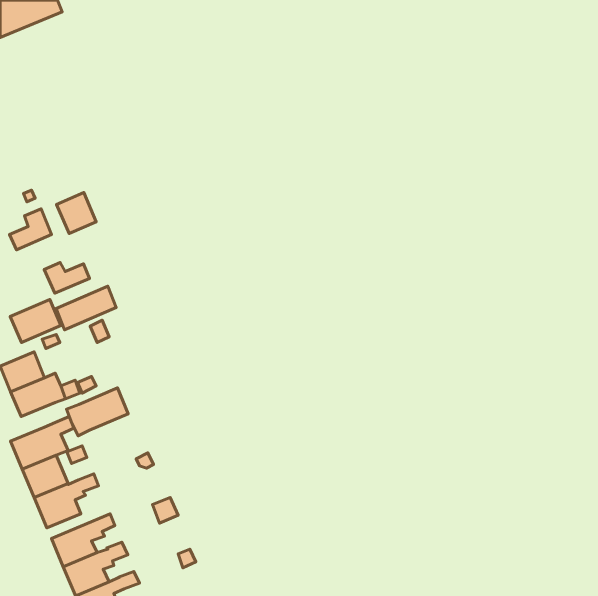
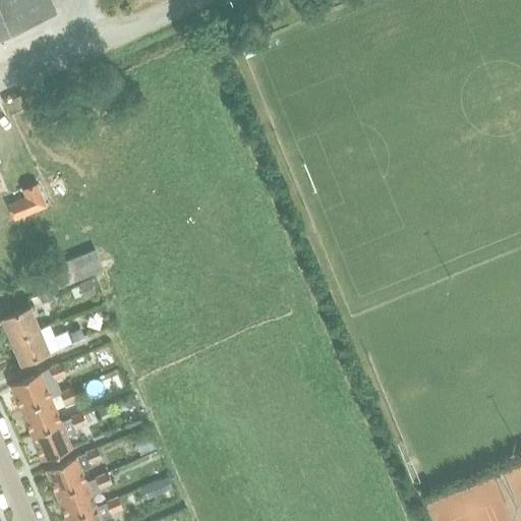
building: [57,193,96,234] -> none
building: [44,262,90,293] -> none
building: [10,300,61,342] -> none
building: [67,388,128,436] -> none

